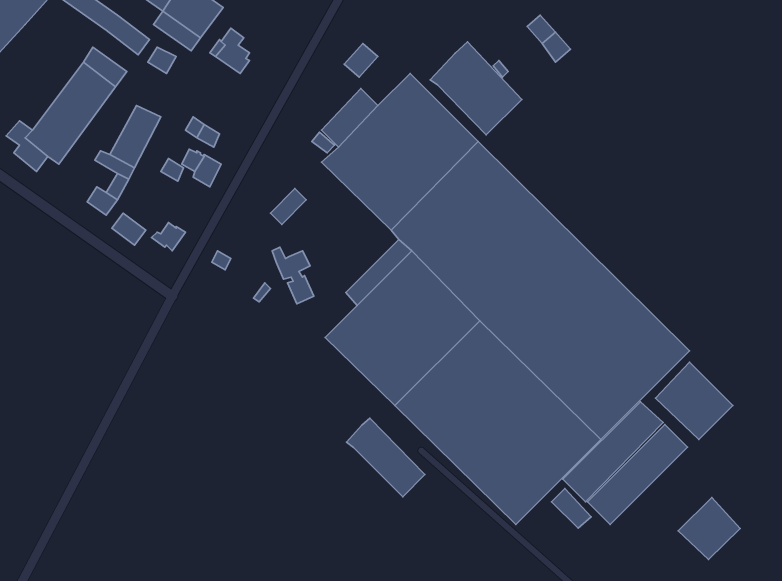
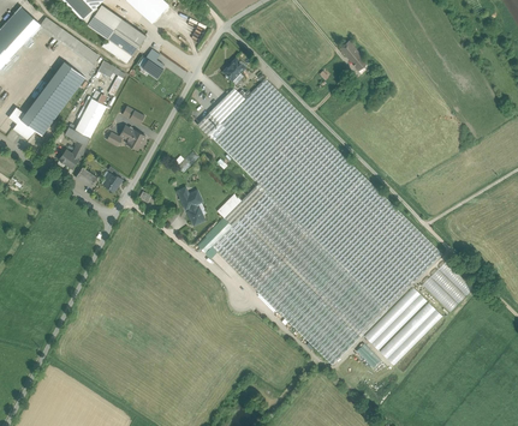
building: [430,42,522,135] -> none
building: [347,418,425,497] -> none
building: [678,497,740,560] -> none

